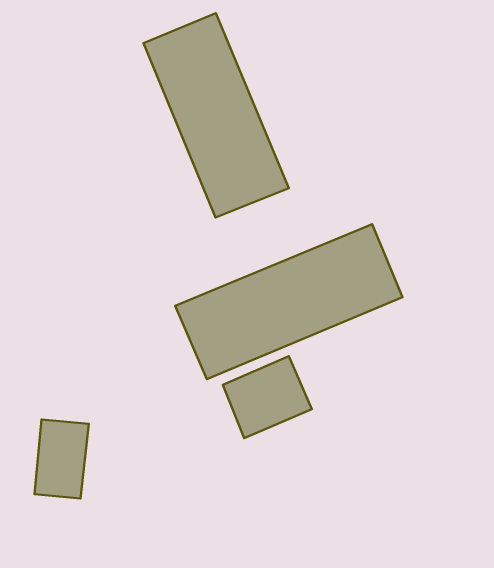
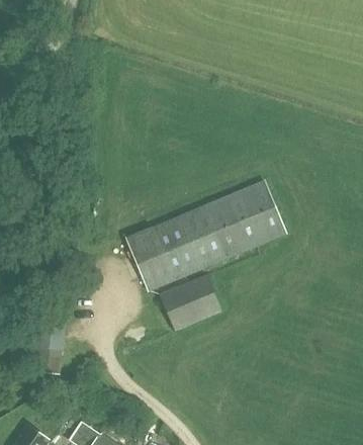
building: [144,13,289,218] -> none

